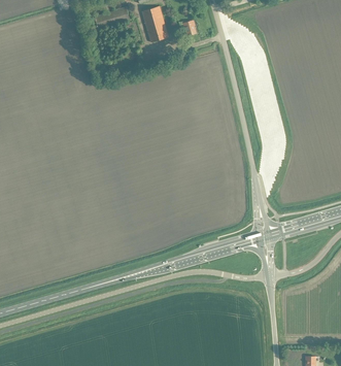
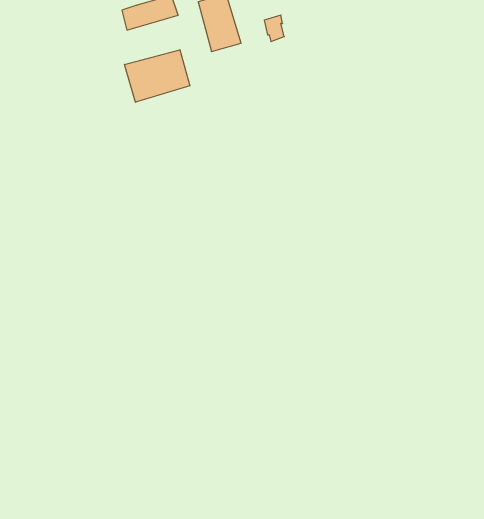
building: none -> [125,50,190,102]

